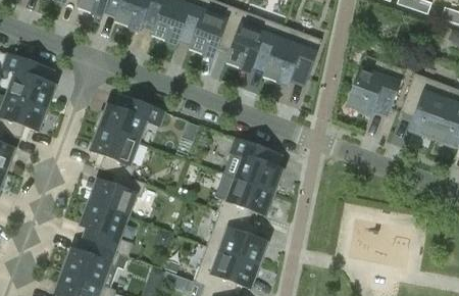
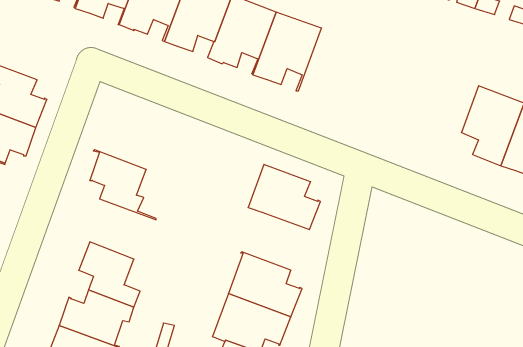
building: [264,24,321,85] -> none
building: [346,54,404,115] -> none
building: [95,97,163,142] -> none
building: [91,166,146,216] -> none
building: [214,174,273,226] -> none

